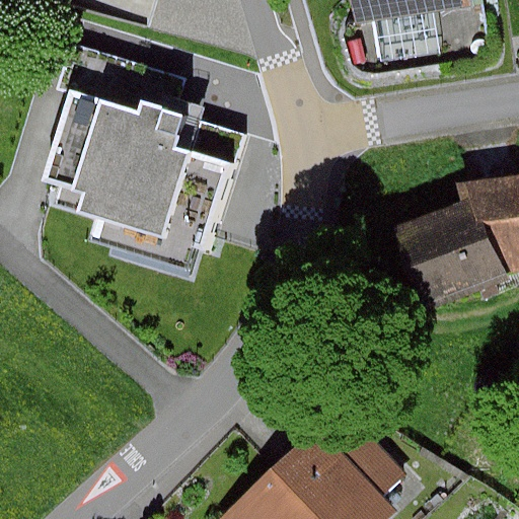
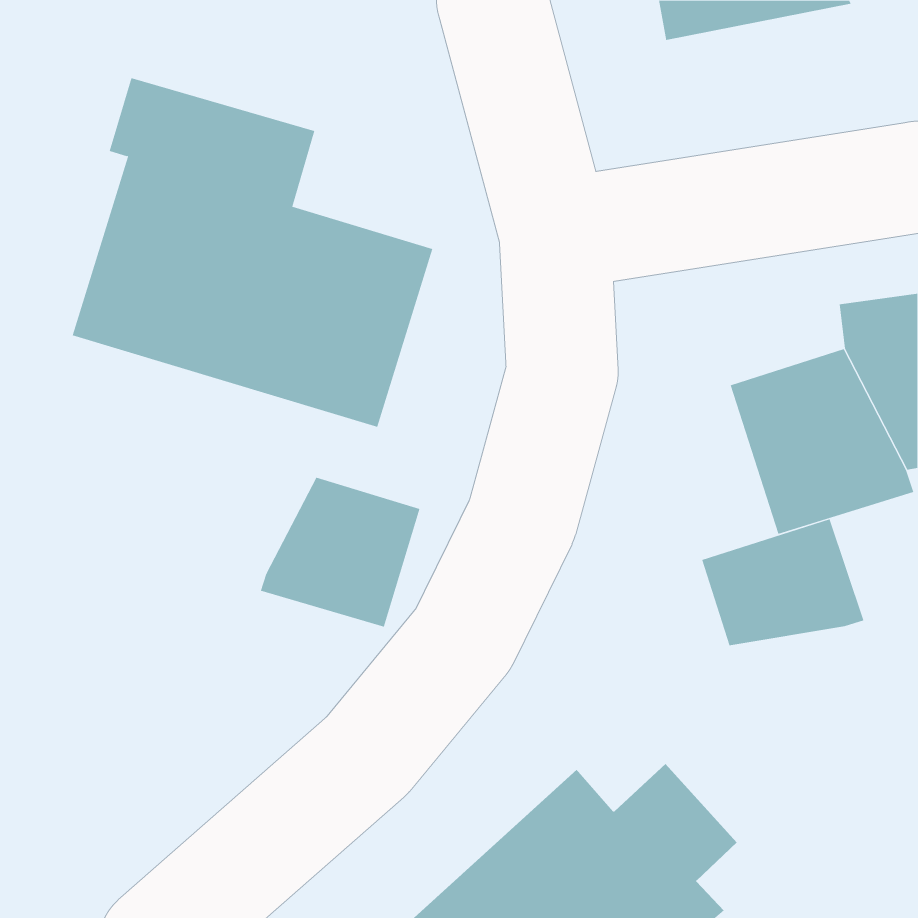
building: none -> [260,477,420,627]
building: none -> [702,518,864,646]

